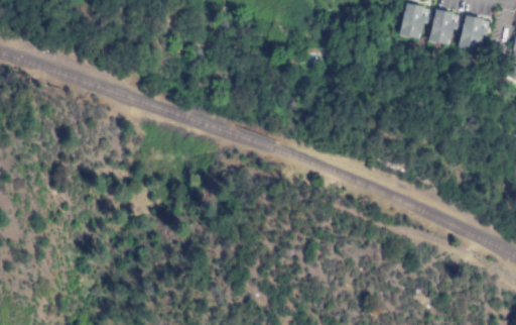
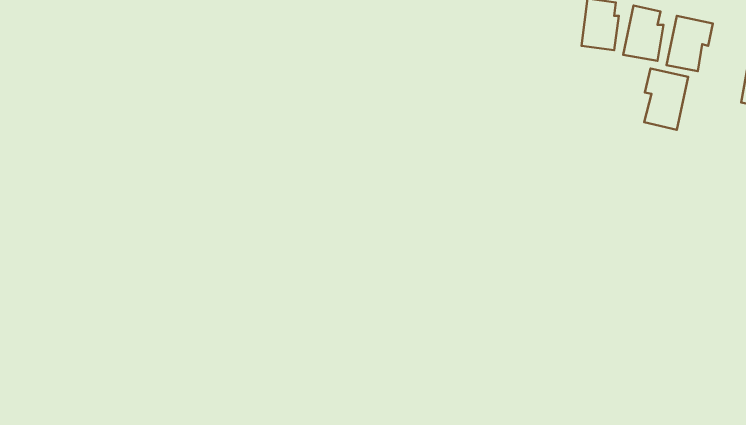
building: none -> [644,69,688,130]

